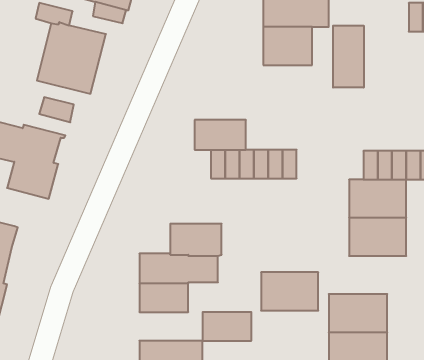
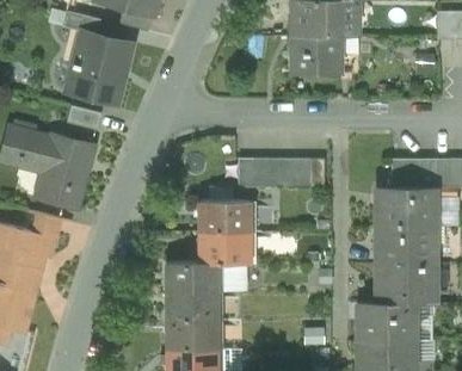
building: [333,26,364,88] -> none
building: [195,120,246,150] -> [198,203,250,233]
building: none -> [33,212,62,260]
building: [261,272,318,311] -> [377,265,435,303]
building: [203,312,251,341] -> [167,321,216,350]

